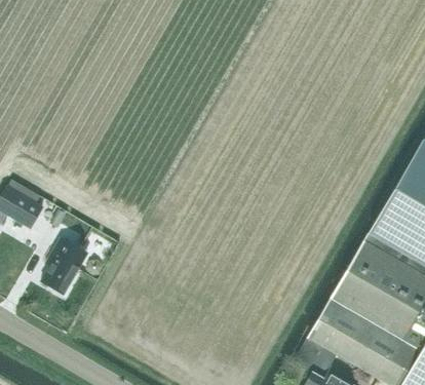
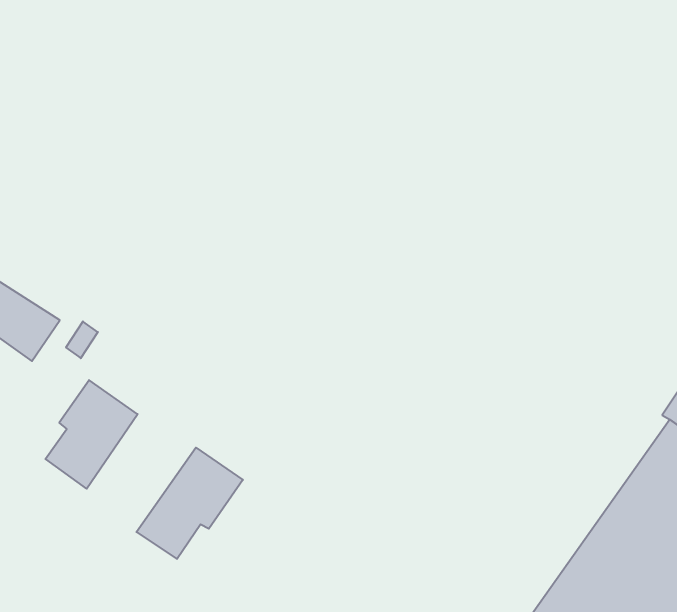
building: none -> [136,448,243,559]

